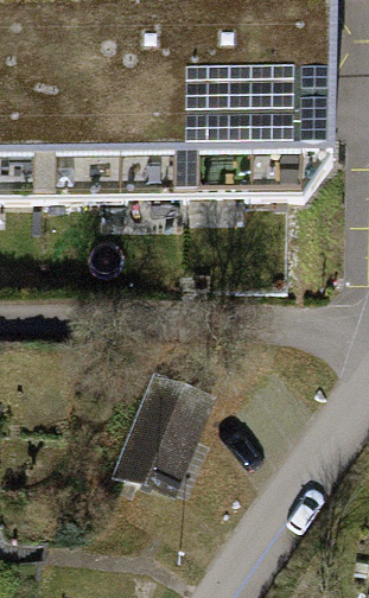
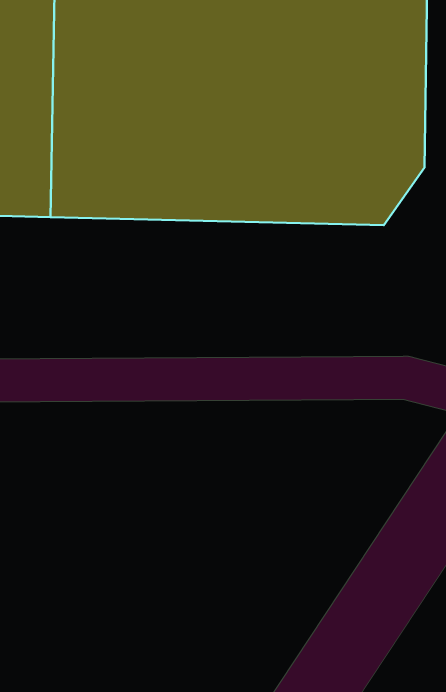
building: [126,370,205,476] -> none

